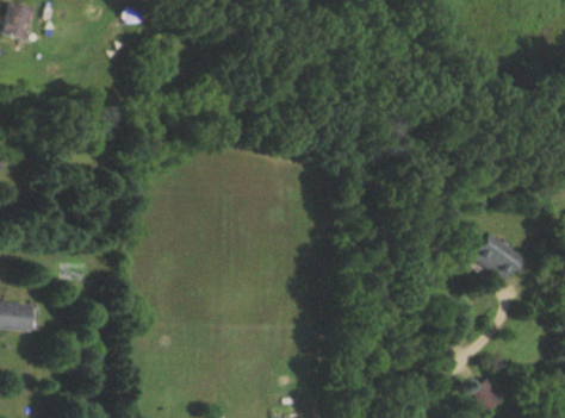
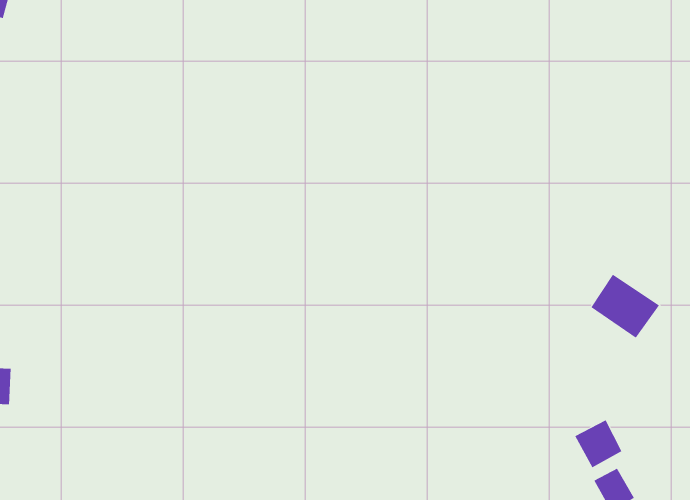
building: none -> [574,420,622,468]

